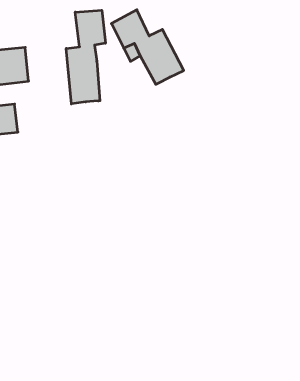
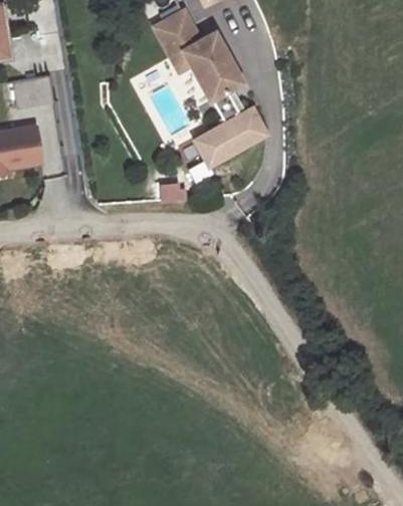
building: [66,10,105,104] -> none
building: none -> [195,95,265,169]

